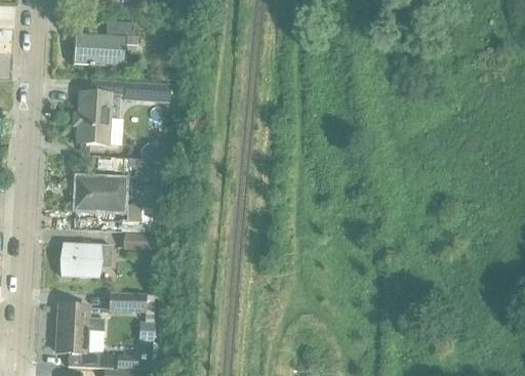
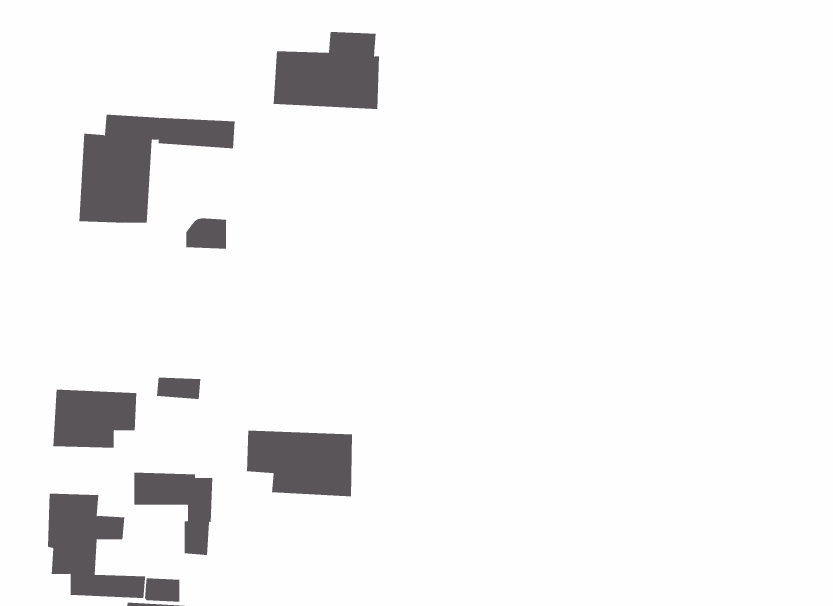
building: [71,20,134,67] -> [273,32,380,110]
building: [73,173,127,213] -> none
building: none -> [246,430,353,497]

